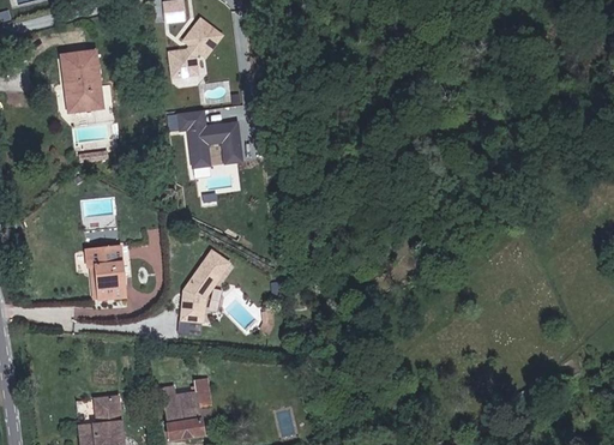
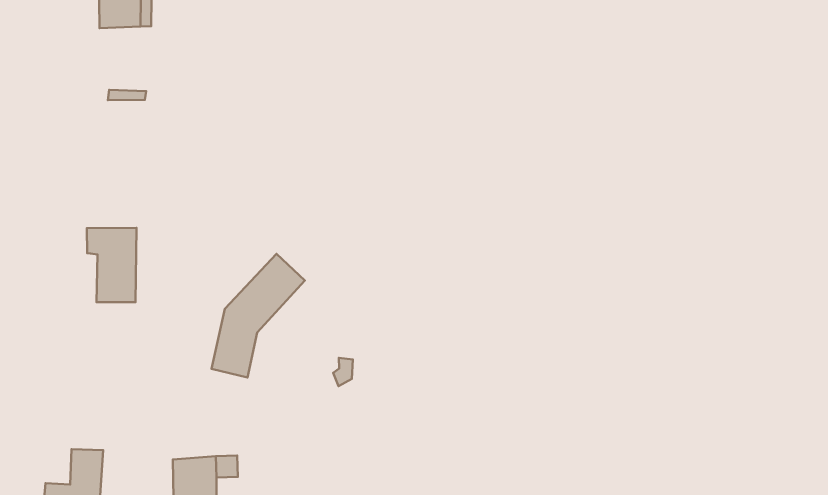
building: [175,109,240,167] -> none

